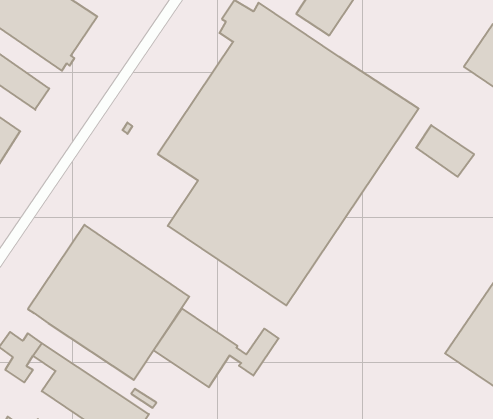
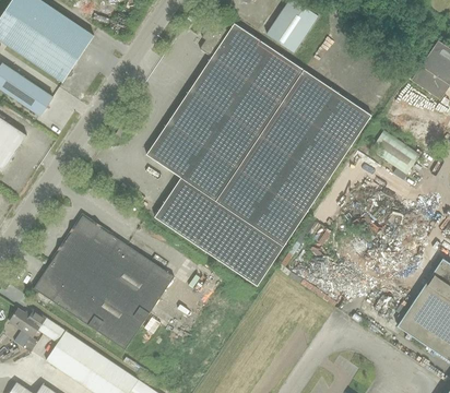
building: [154,309,279,387] -> none

